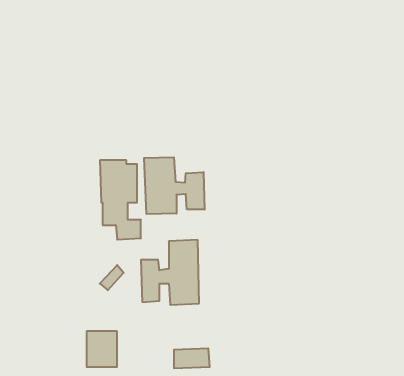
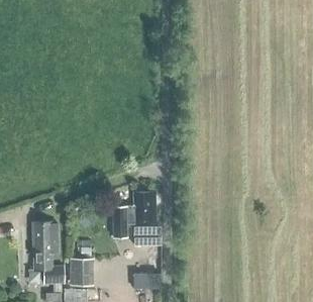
building: [144,157,205,214] -> none
building: [100,160,141,240] -> [30,222,62,283]

